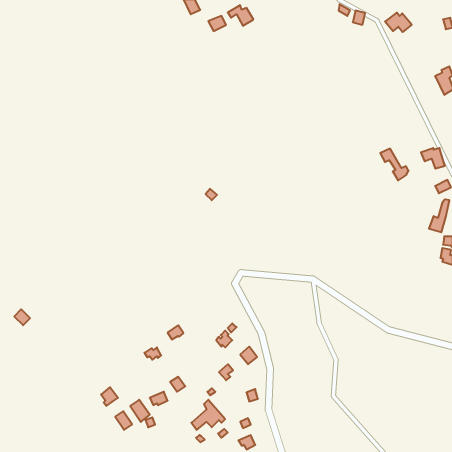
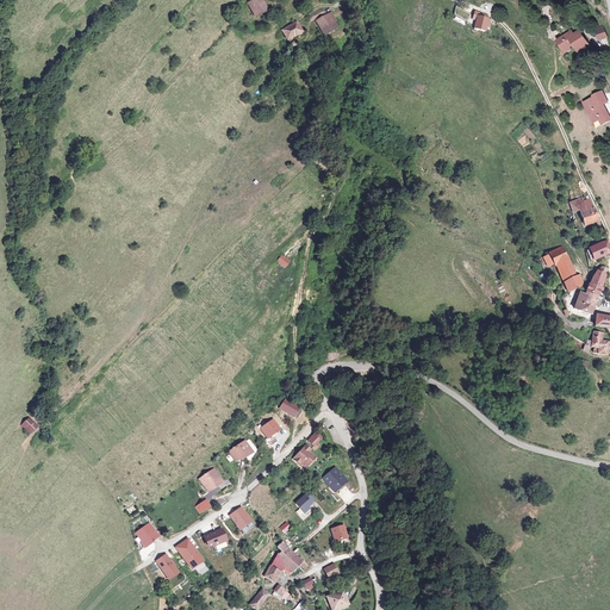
building: [385,13,412,32] -> [558,30,593,56]
building: [380,149,409,180] -> [550,249,589,292]

